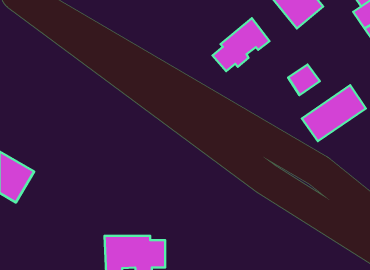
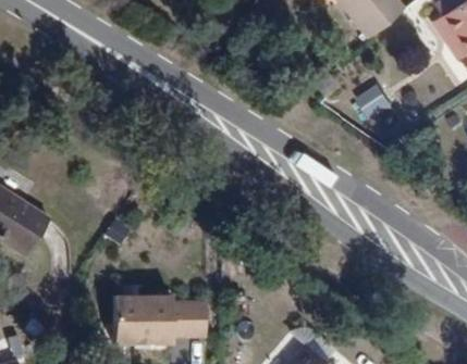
building: [213,18,269,71] -> none
building: [302,85,366,141] -> none

